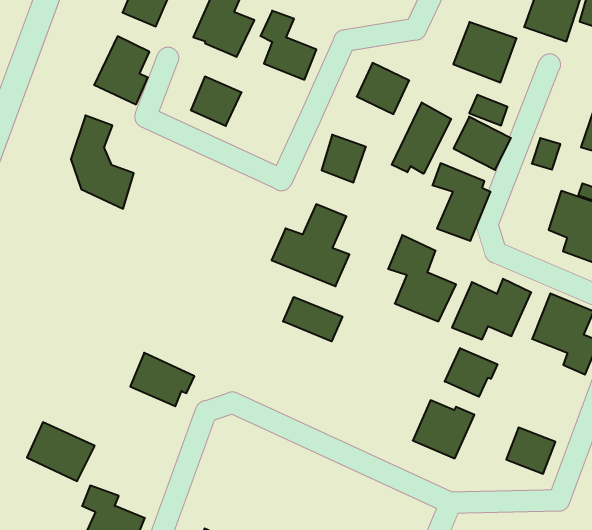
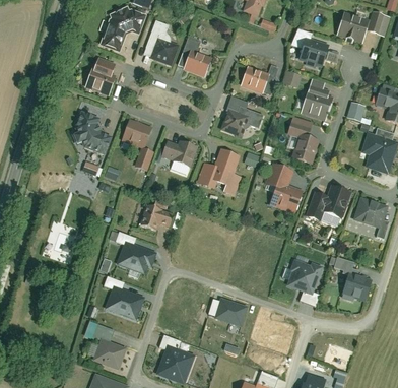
building: [191,77,242,126] -> [123,119,152,147]
building: [392,102,451,174] -> none
building: none -> [162,137,200,168]
building: none -> [137,204,173,230]
building: [283,297,342,341] -> none
building: [445,348,497,397] -> none
building: [27,422,95,481] -> [104,285,143,319]
building: none -> [214,299,245,325]

